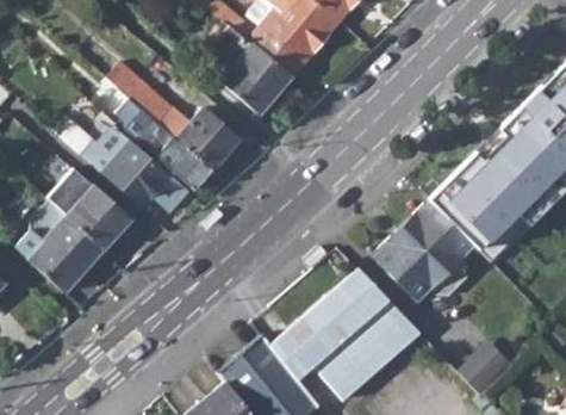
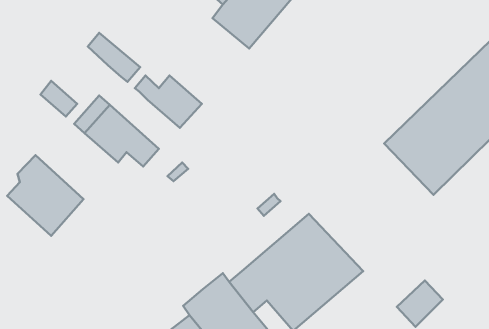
building: [217,35,291,117] -> none
building: [117,98,212,188] -> none
building: [44,168,130,250] -> none
building: [369,203,474,305] -> none

